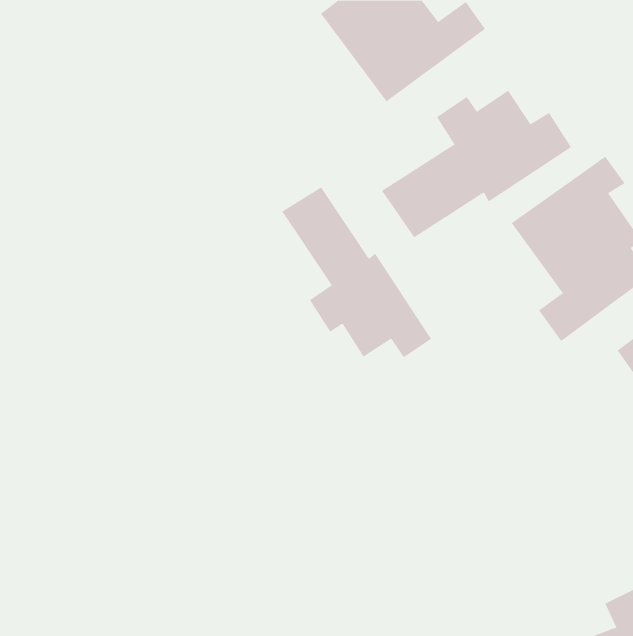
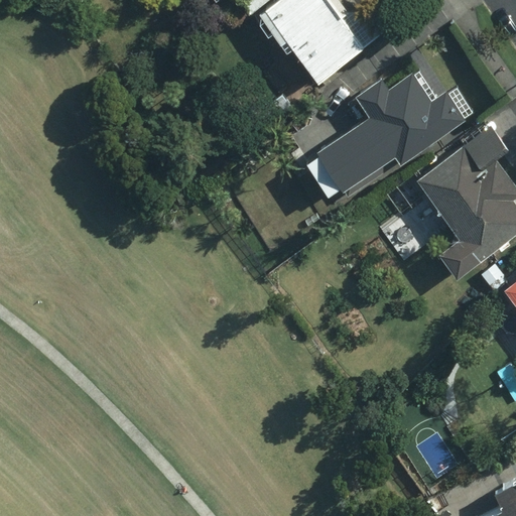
building: [282,186,432,358] -> none

